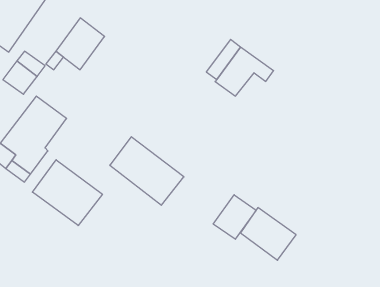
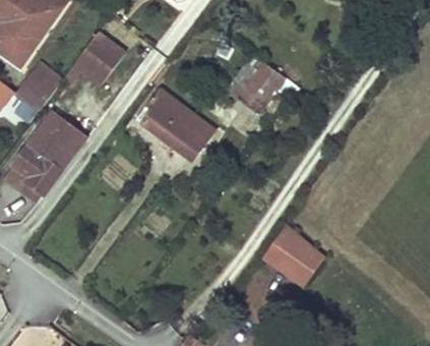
building: [110,137,184,205] -> [137,89,214,160]
building: [32,160,102,226] -> none
building: [213,195,256,239] -> none

